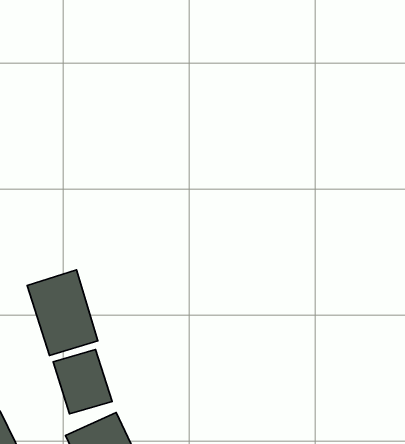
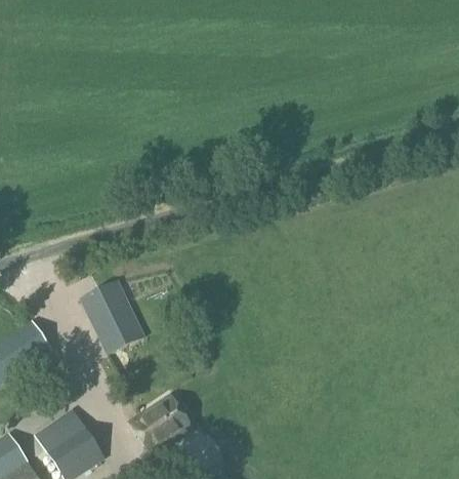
building: [53,349,112,414] -> none

